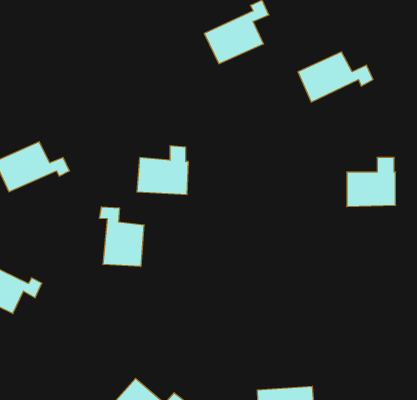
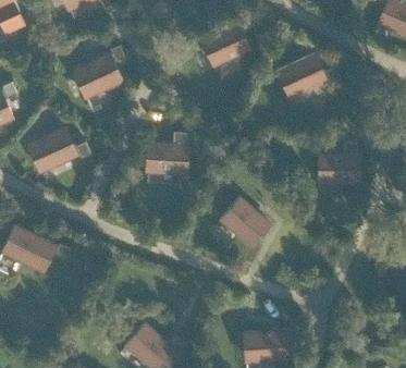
building: none -> [73,47,124,98]
building: [99,207,144,267] -> none
building: none -> [220,199,269,247]

